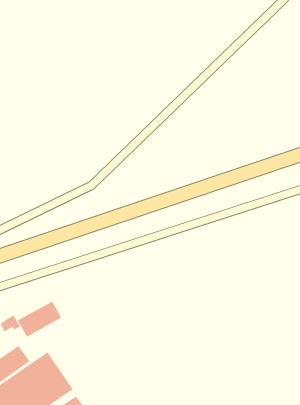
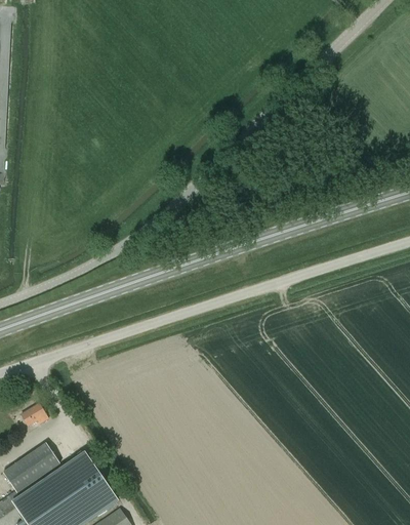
building: [17,301,62,337] -> none

